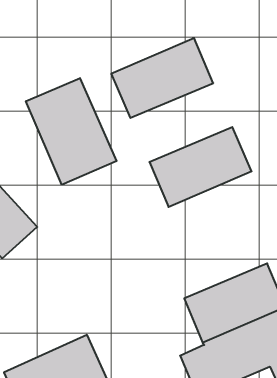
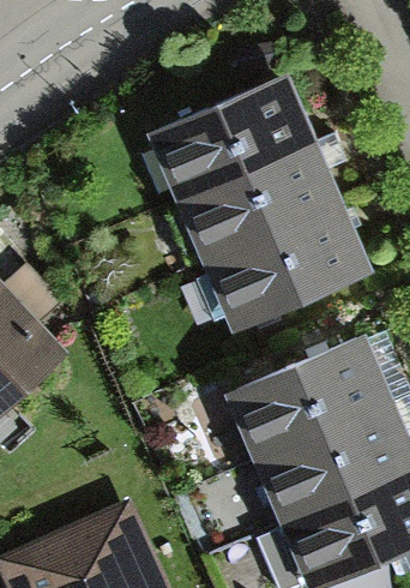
building: [26,78,117,185] -> none
building: none -> [189,143,337,257]
building: none -> [240,337,387,454]

